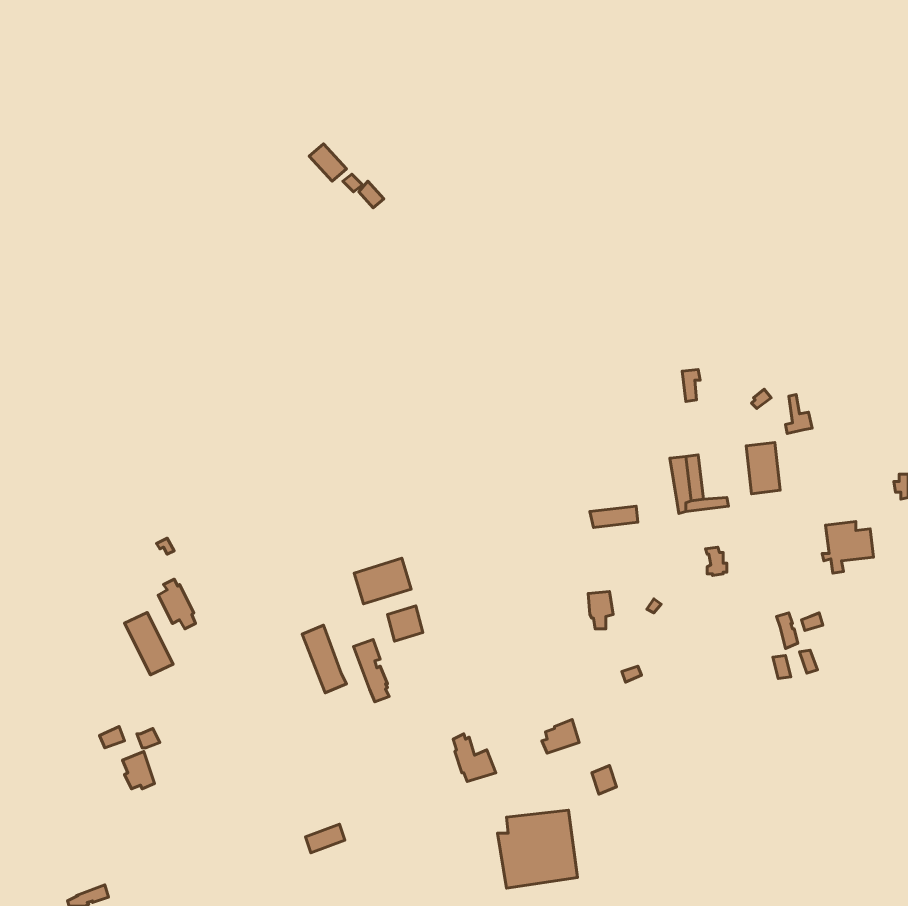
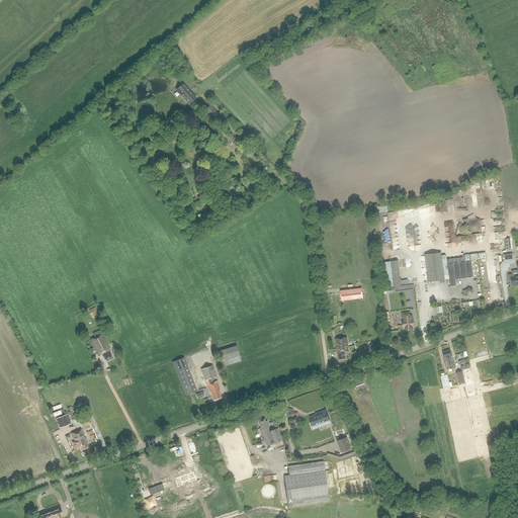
building: [822,522,874,573] -> [444,256,473,285]
building: [354,558,411,604] -> none
building: [125,612,173,675] -> none

